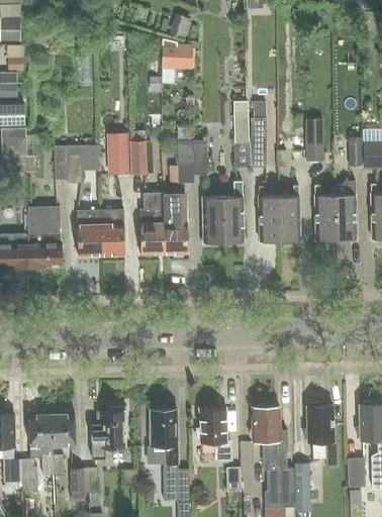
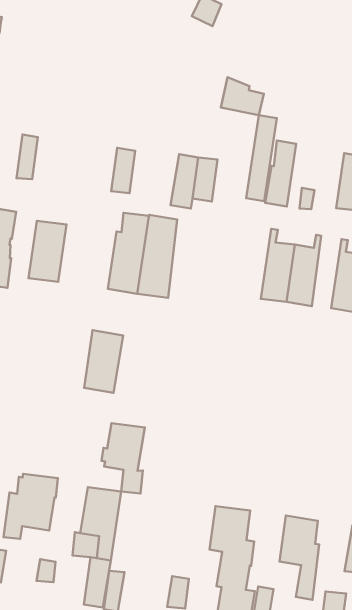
building: [161,38,192,64] -> [221,77,264,115]
building: [107,133,129,175] -> none
building: [67,145,100,184] -> none
building: [202,182,244,243] -> none
building: [100,210,124,255] -> [84,330,123,393]
building: [197,408,231,460] -> [101,423,145,493]

